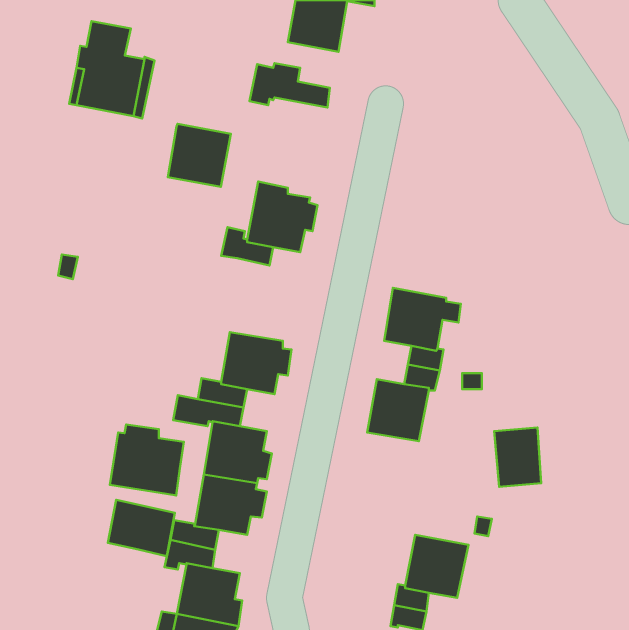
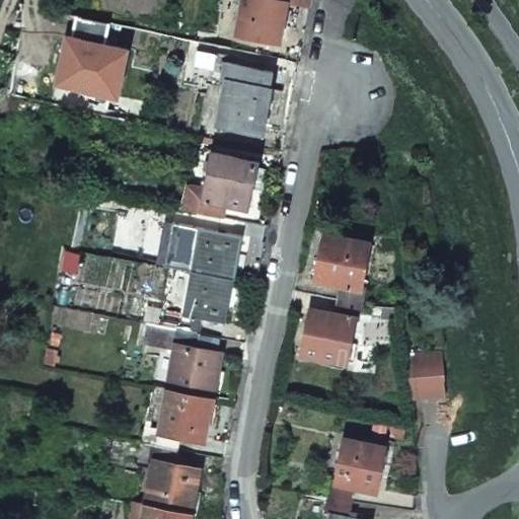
building: [168,124,231,187] -> [217,81,269,133]
building: none -> [163,225,241,281]
building: [110,425,184,496] -> none
building: [108,500,175,556] -> none

